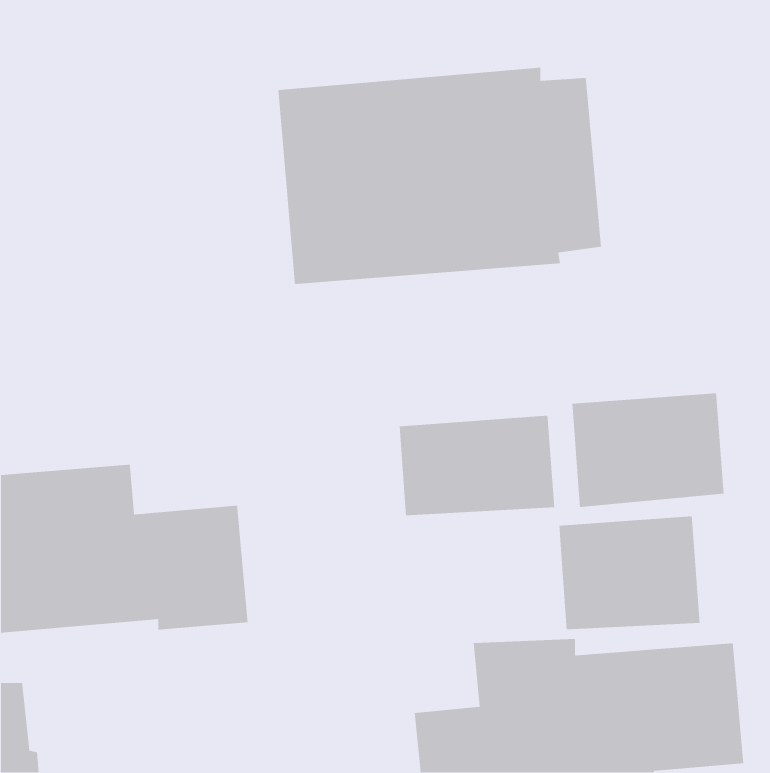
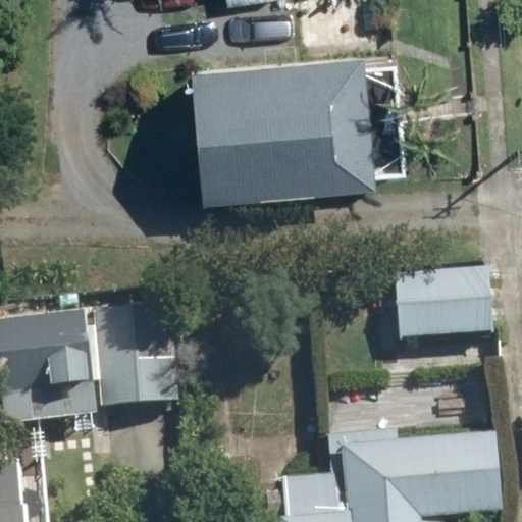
building: [399,415,555,516] -> none
building: [558,516,701,630] -> none

